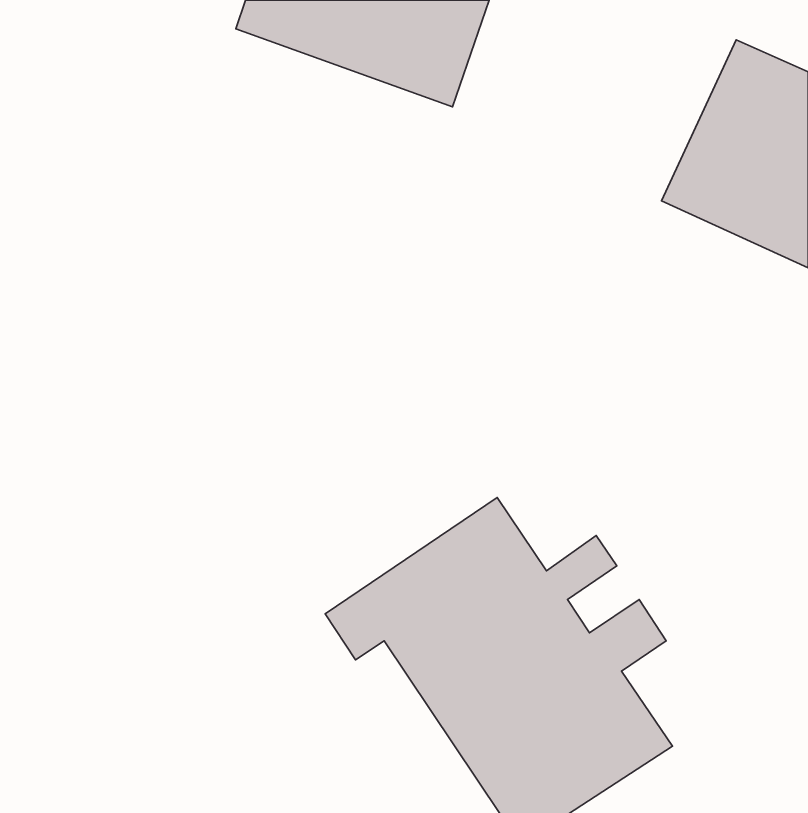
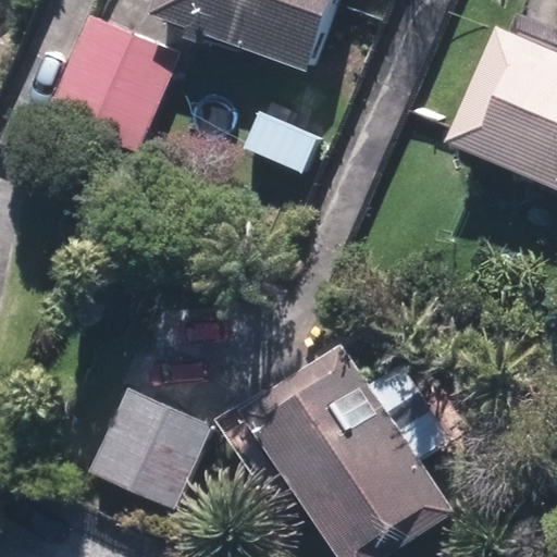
building: none -> [46,14,176,149]
building: none -> [87,386,210,508]

